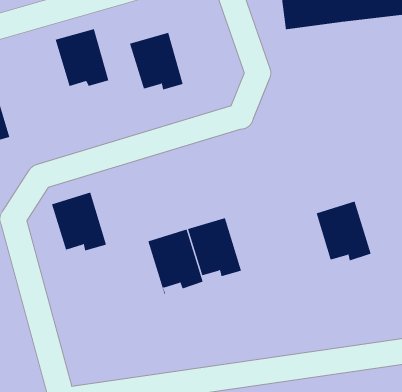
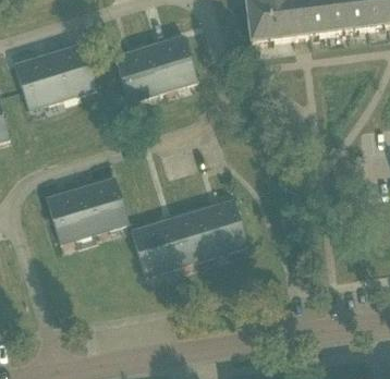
building: none -> [149,35,197,91]
building: none -> [14,52,63,109]
building: none -> [81,176,129,233]
building: [316,201,371,266] -> [199,198,248,256]

